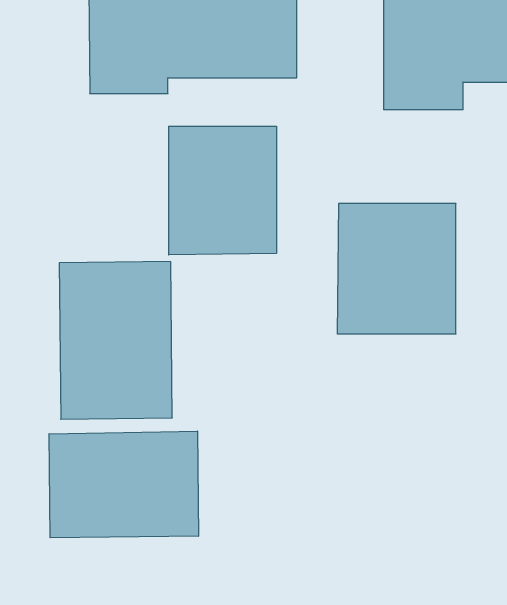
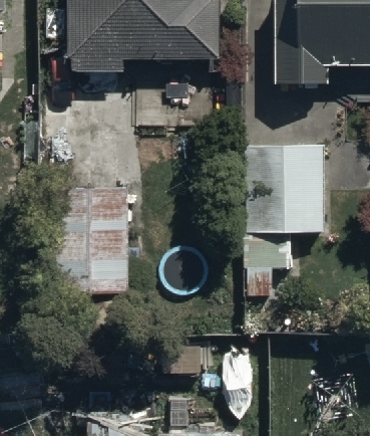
building: [169,126,276,255] -> none
building: [49,431,198,538] -> none

